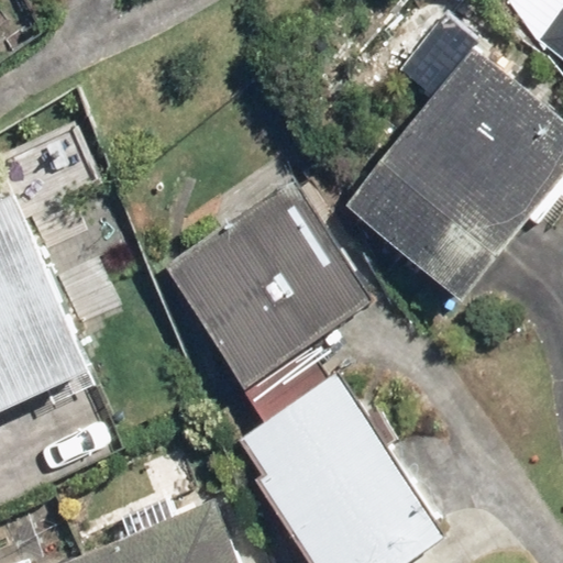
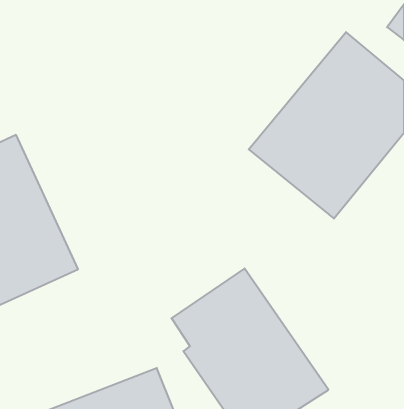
building: [166,178,376,391] -> none

